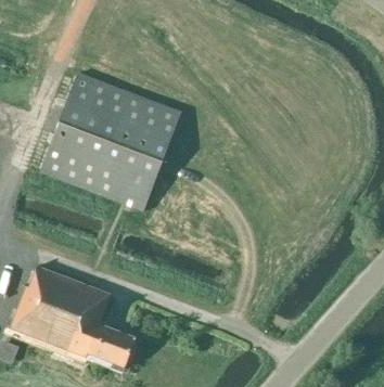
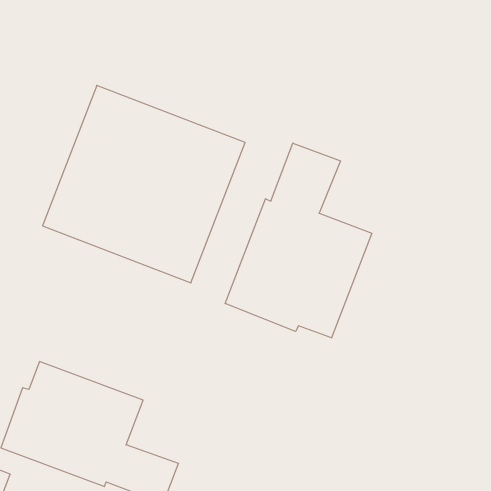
building: none -> [225,143,372,338]

